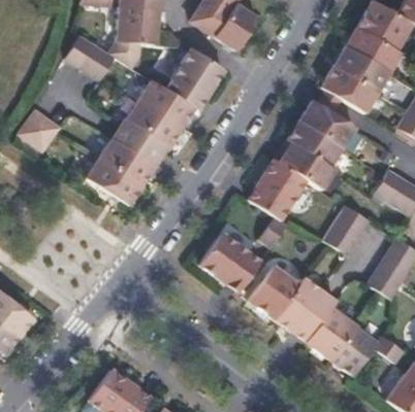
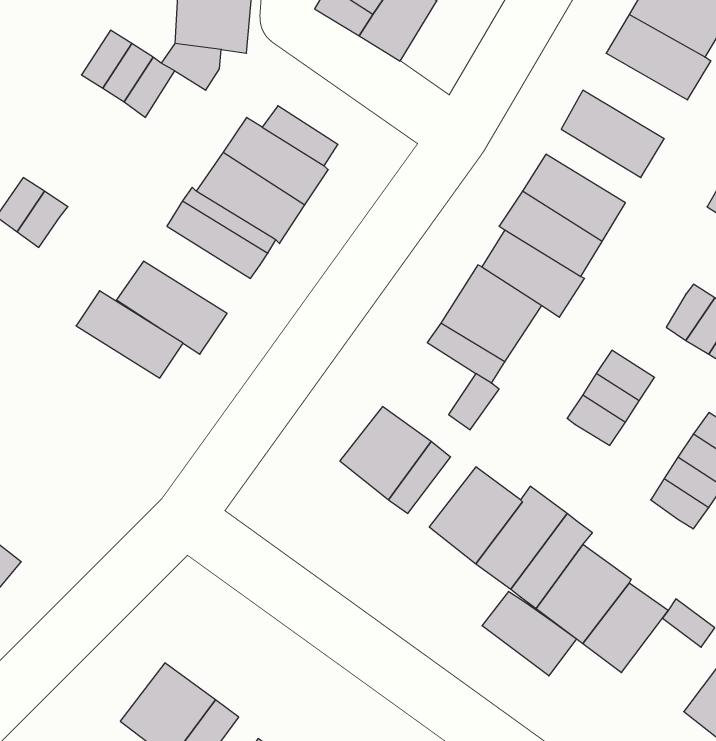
building: [332,46,388,92] -> none
building: [170,48,219,95] -> none
building: [99,138,156,184] -> [76,291,183,378]
building: none -> [482,591,576,676]

